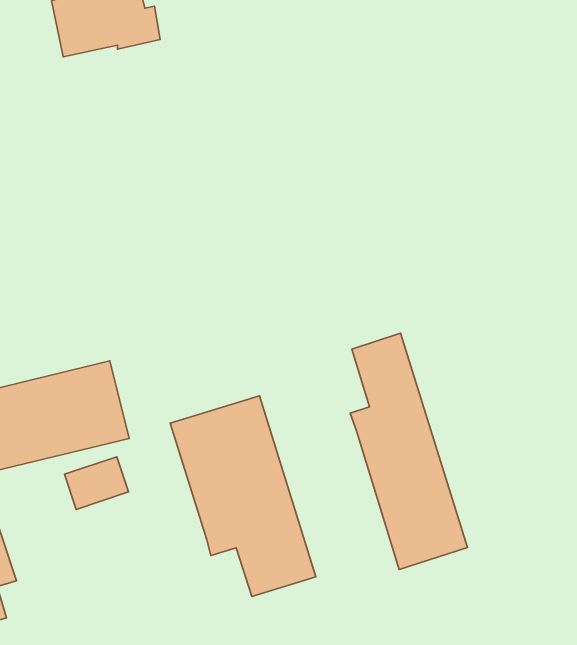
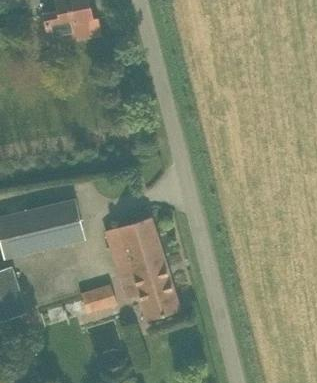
building: [350,333,467,569] -> none
building: [64,457,129,509] -> [82,285,115,312]

